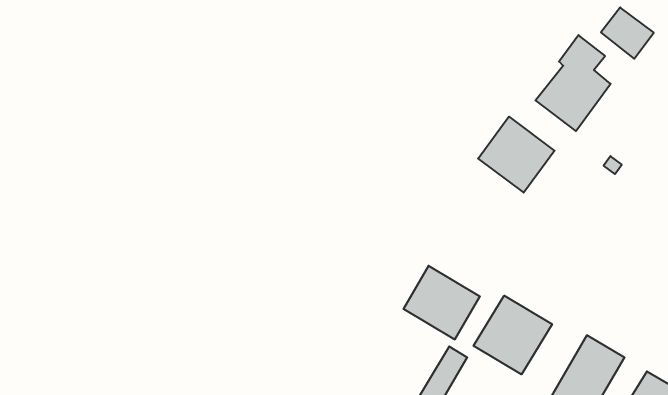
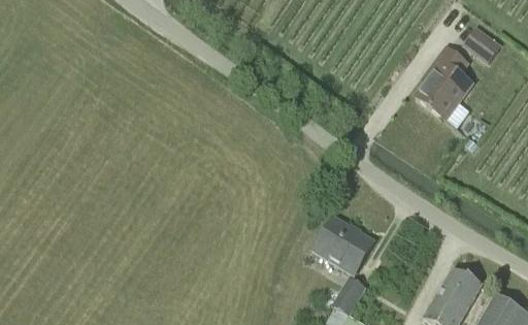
building: [478,117,555,193] -> none
building: [474,296,552,374] -> none

